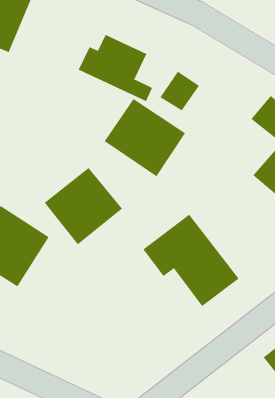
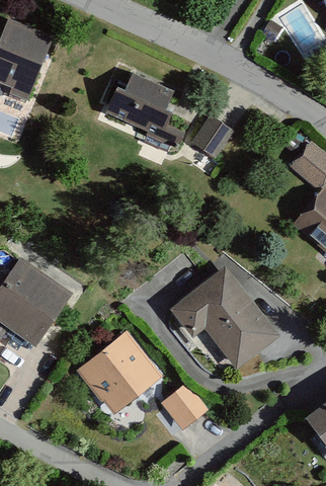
building: [104,98,186,177] -> none
building: [44,167,123,245] -> [78,330,163,414]
building: none -> [161,381,209,429]

